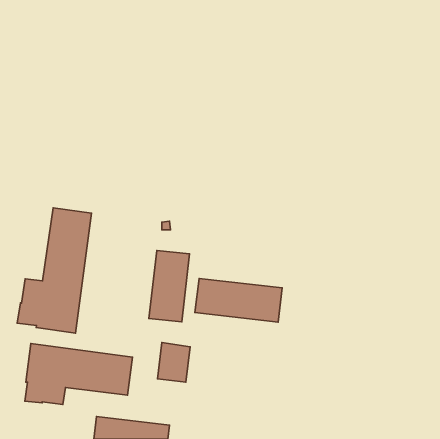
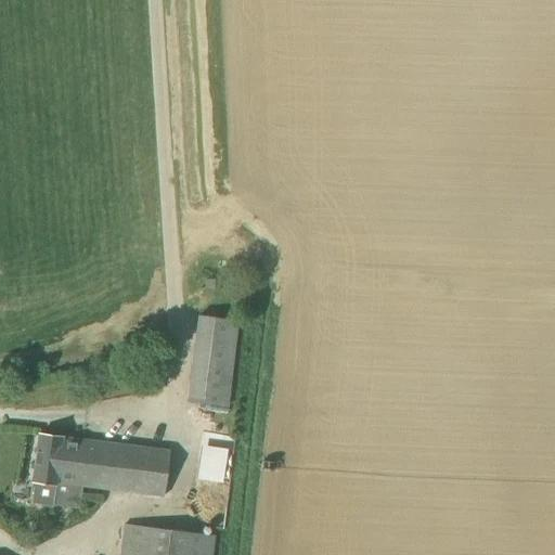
building: [17,208,92,333] -> none
building: [195,278,282,322] -> none

